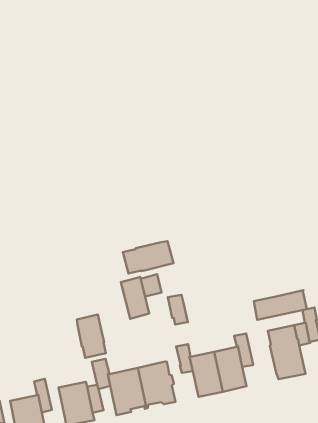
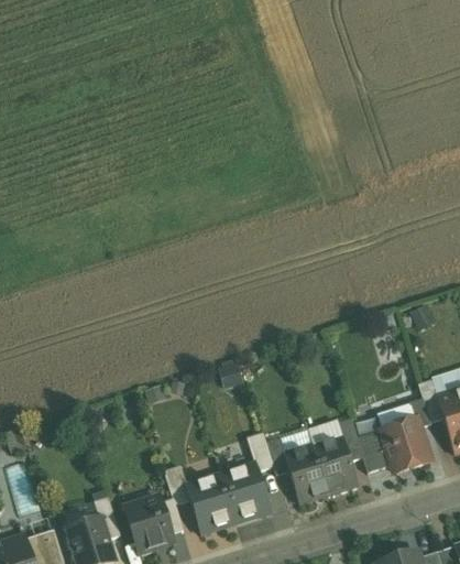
building: [123,241,173,274] -> none
building: [121,277,149,319] -> none
building: [254,290,307,320] -> none
building: [168,295,188,325] -> [247,434,274,471]
building: [77,314,106,358] -> none
building: none -> [358,432,393,474]

